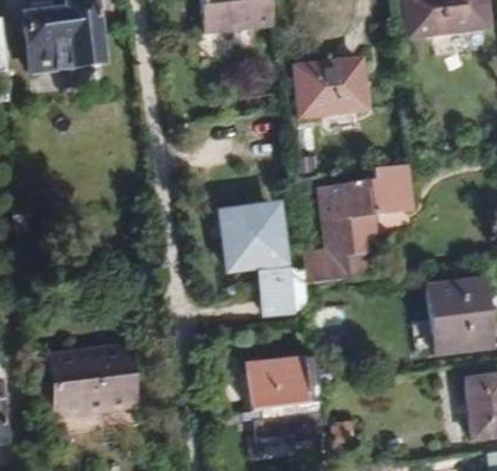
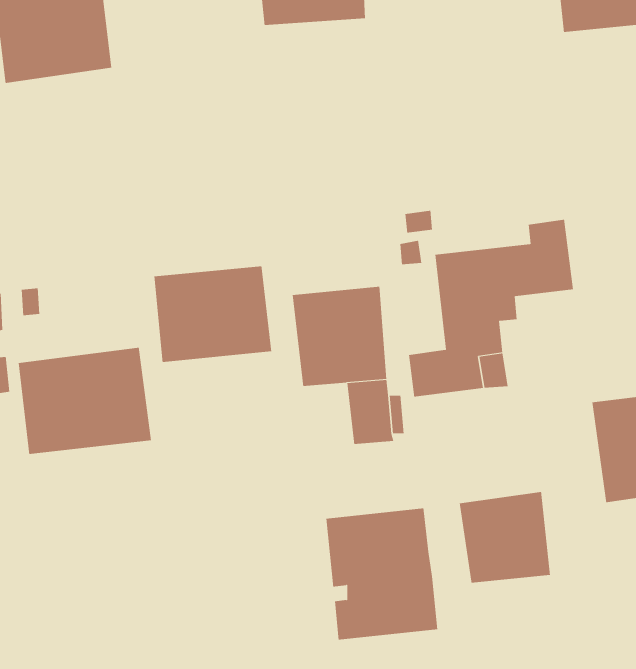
building: [295,61,367,114] -> none
building: none -> [154,265,272,363]
building: [46,343,136,415] -> [18,347,152,454]
building: none -> [459,491,550,584]

